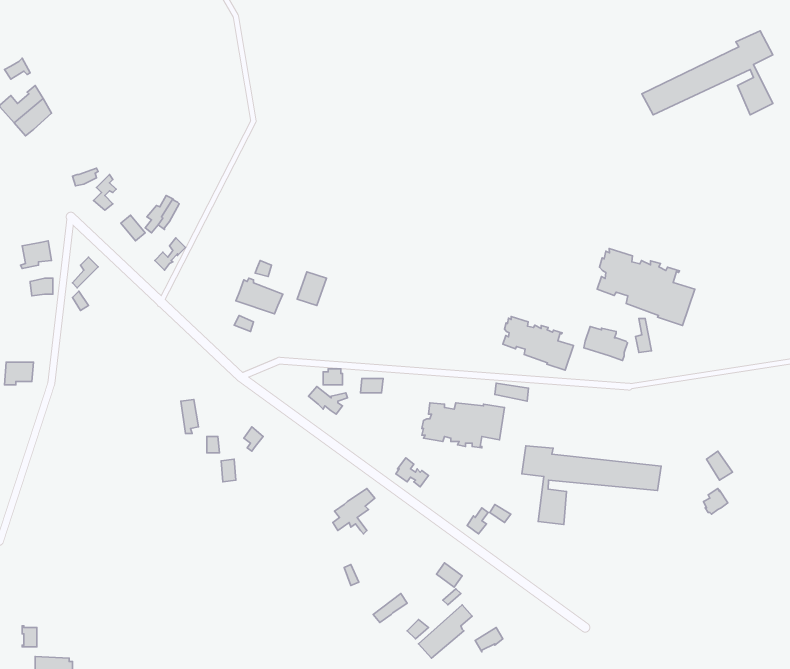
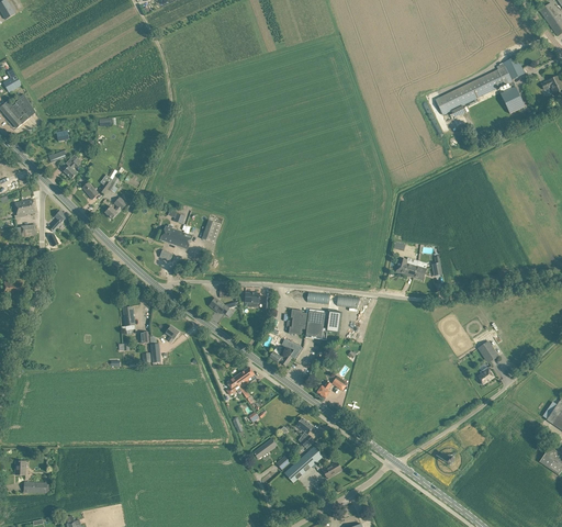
building: [597,249,695,325] -> none
building: [503,317,573,370] -> none
building: [522,446,661,524] -> none

